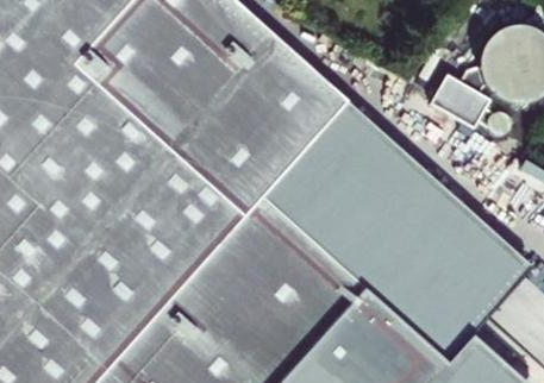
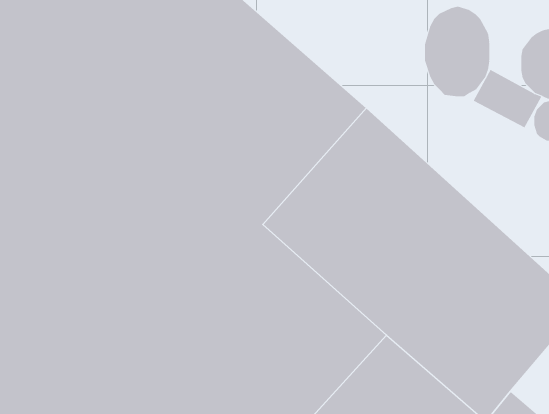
building: none -> [424,6,490,97]

